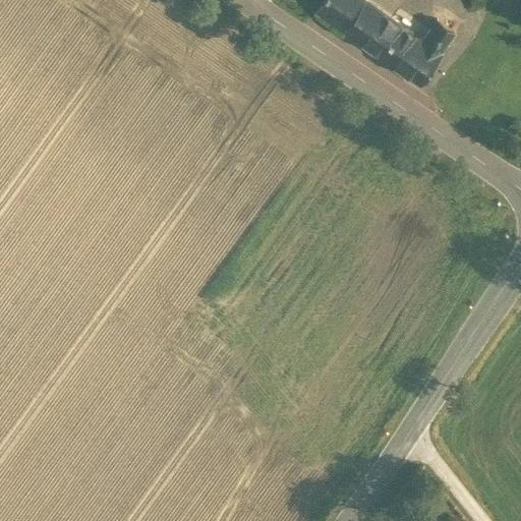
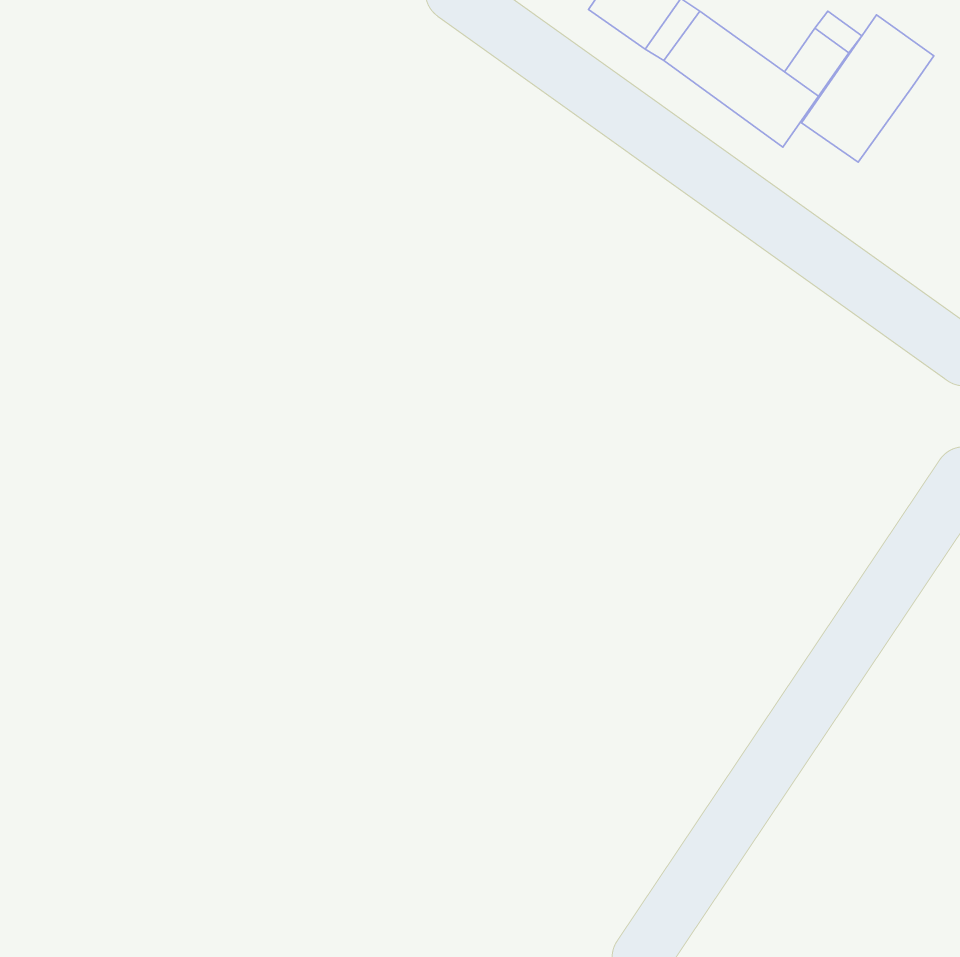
building: none -> [801,15,934,162]

